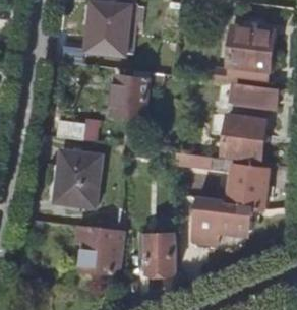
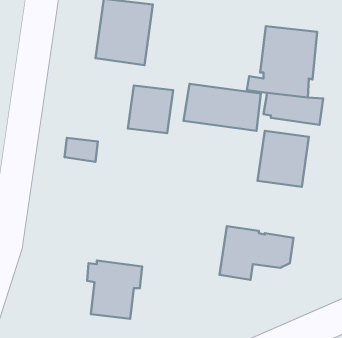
building: none -> [184,84,261,131]
building: [51,150,101,208] -> none
building: [228,170,269,207] -> none
building: [140,235,175,273] -> none

